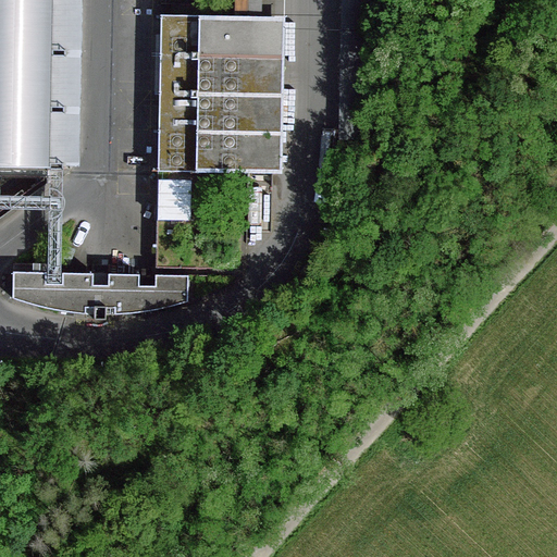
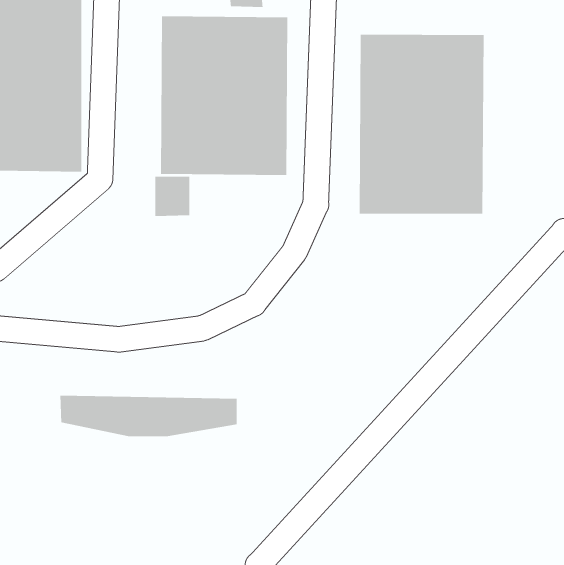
building: none -> [359,34,484,215]
building: [11,271,185,312] -> [59,395,237,437]

